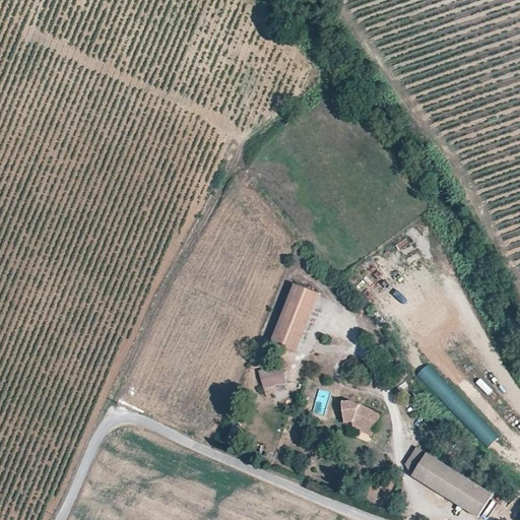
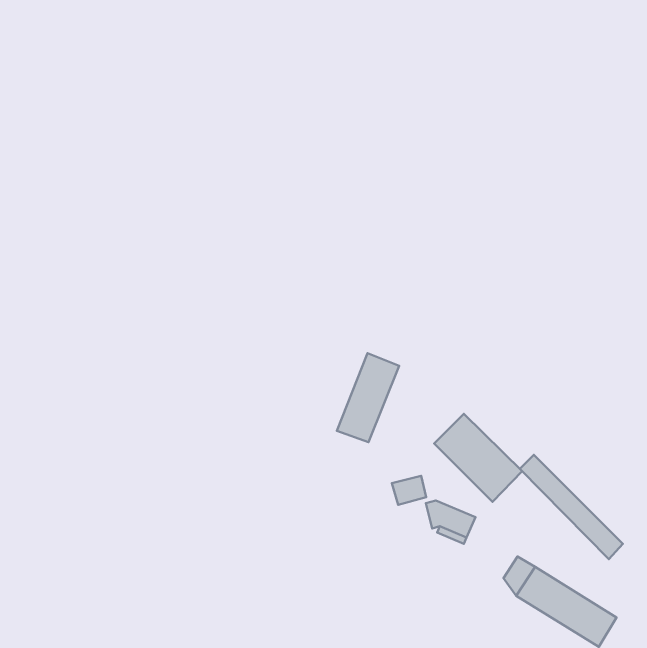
building: none -> [434,414,522,502]
building: [257,367,284,390] -> [392,476,426,505]

